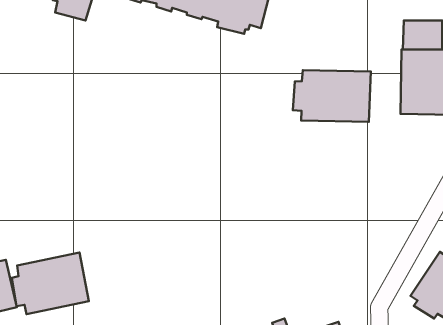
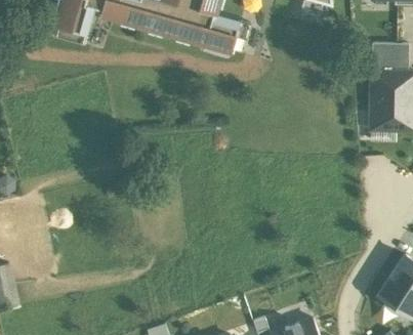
building: [293,70,371,122] -> none
building: [12,252,89,314] -> none

